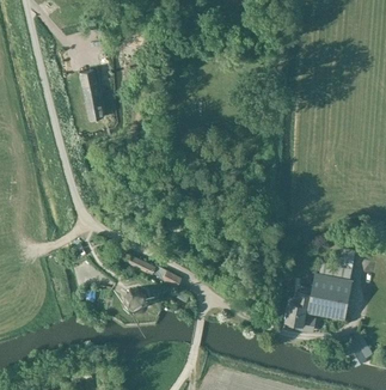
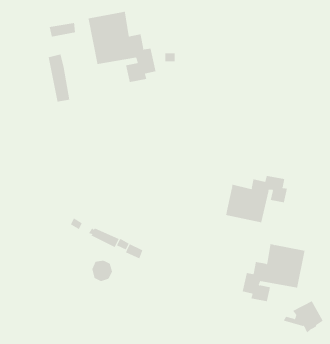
building: none -> [88,11,156,83]
building: none -> [225,175,287,223]

